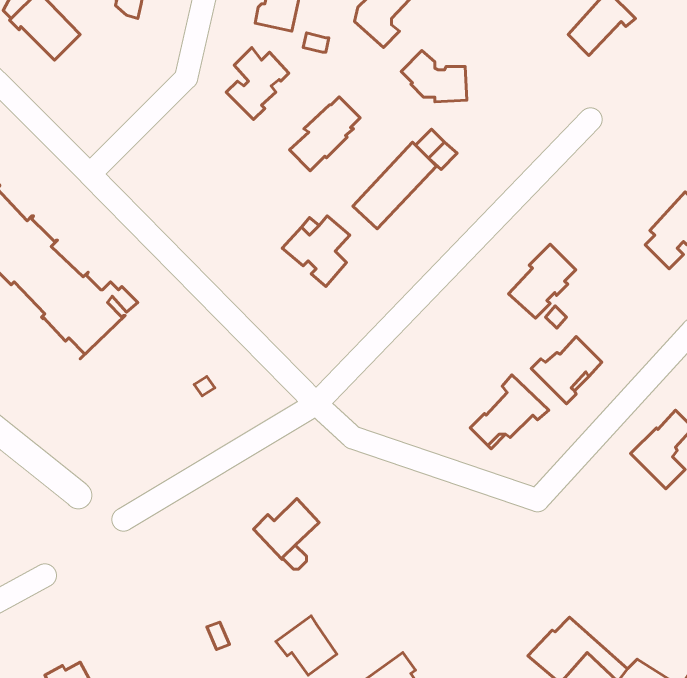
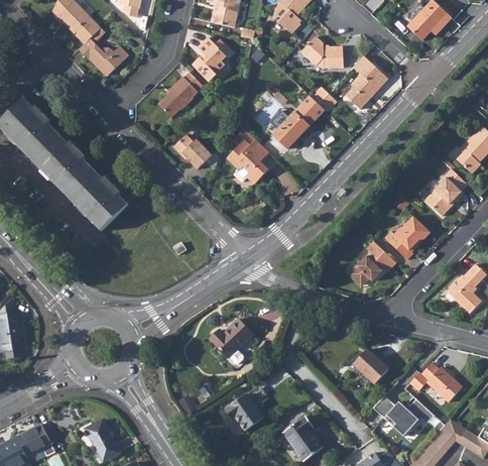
building: none -> [78,38,130,74]
building: none -> [346,56,389,111]
building: [289,97,360,171] -> [158,71,203,117]
building: none -> [174,133,213,166]
building: [508,244,576,318] -> [424,169,467,216]
building: none -> [352,350,387,384]
building: none -> [408,362,461,401]

